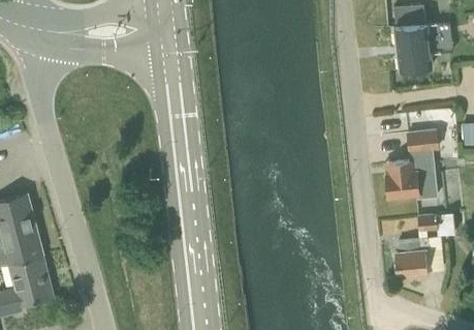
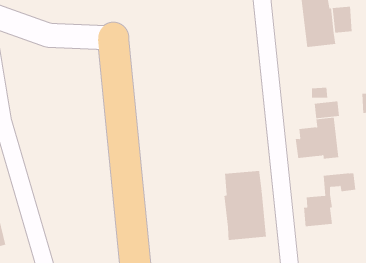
building: none -> [224,170,266,241]

